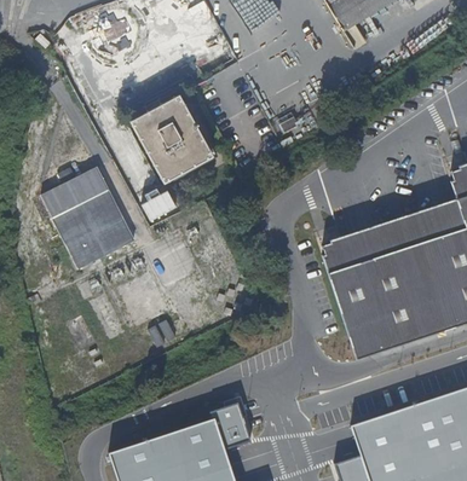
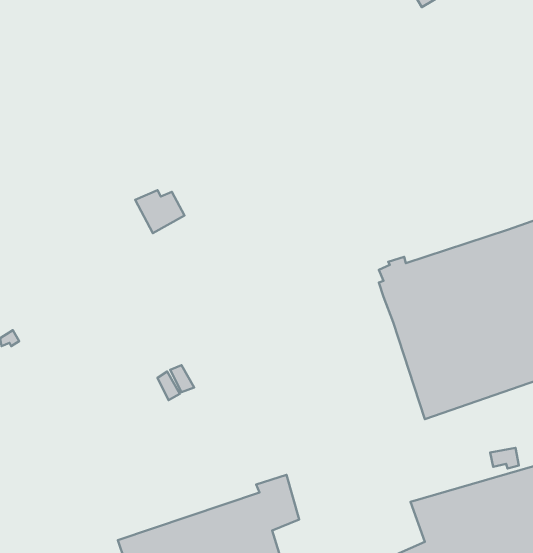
building: [129,94,212,181] -> none
building: [41,164,138,270] -> none

